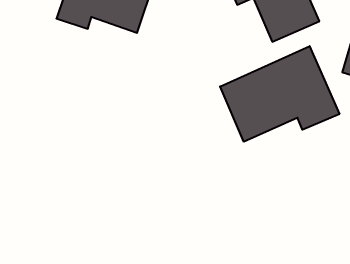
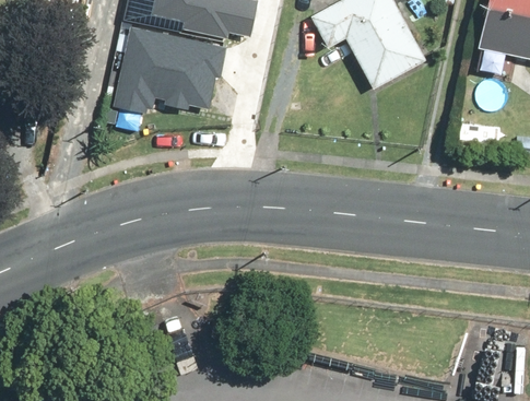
building: [220,46,339,142] -> none

